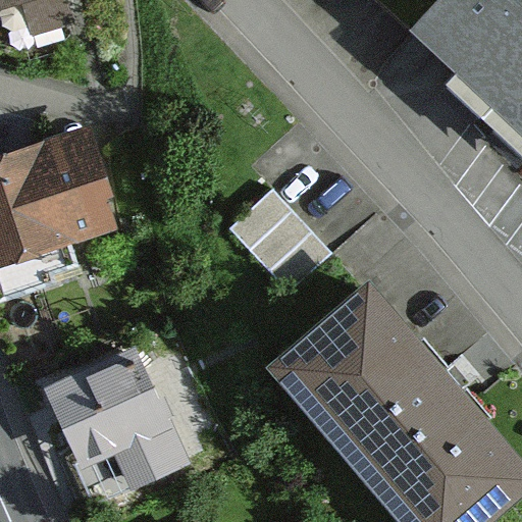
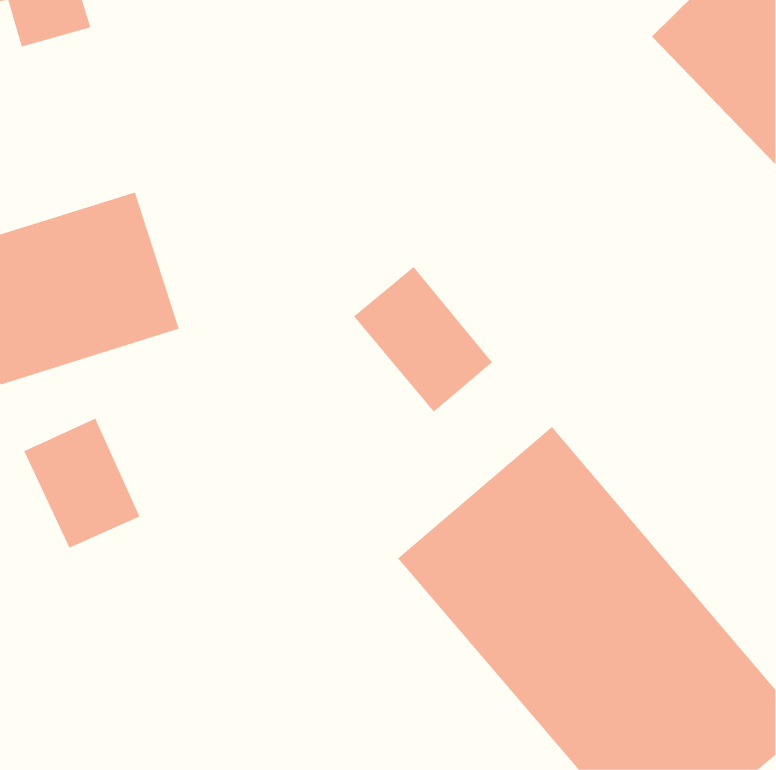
building: none -> [24,418,140,549]
building: [68,357,193,505] -> none

